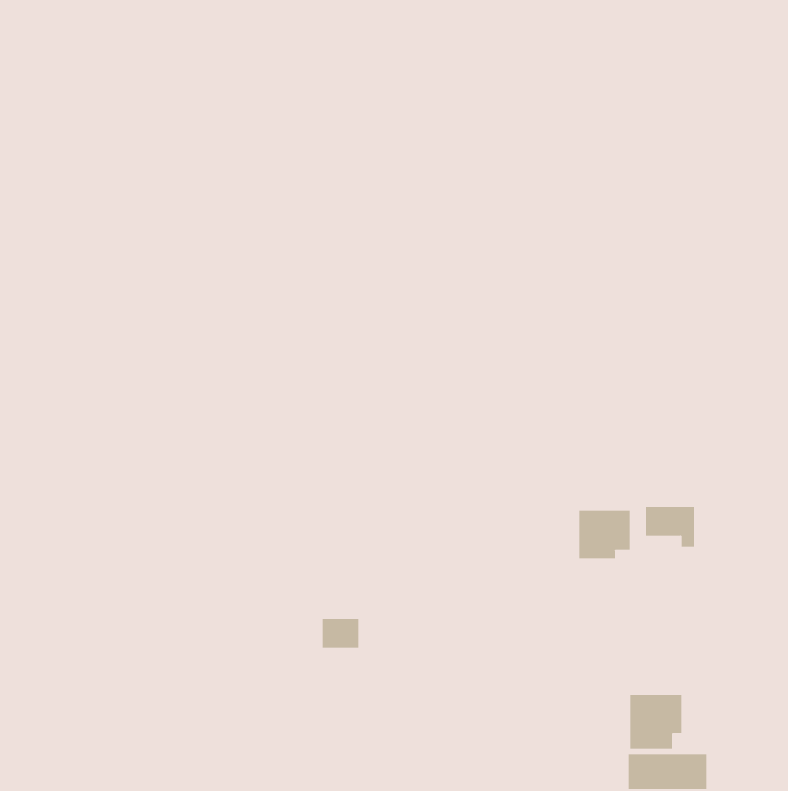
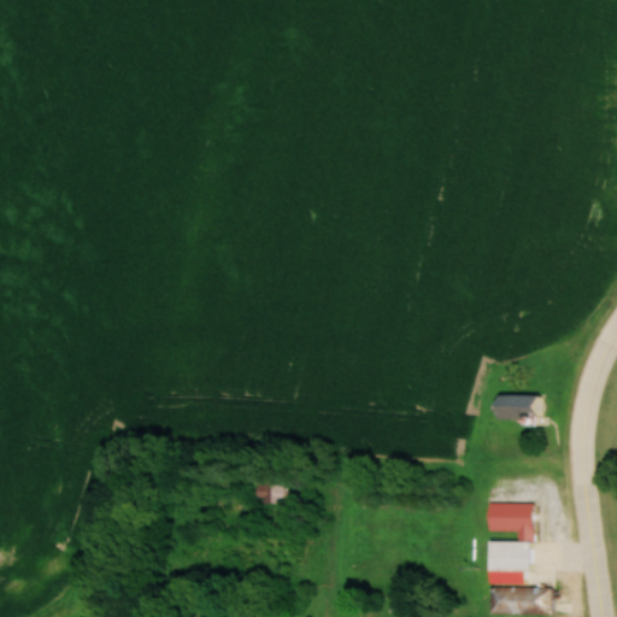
building: [579,510,630,559] -> none
building: none -> [487,504,530,540]

